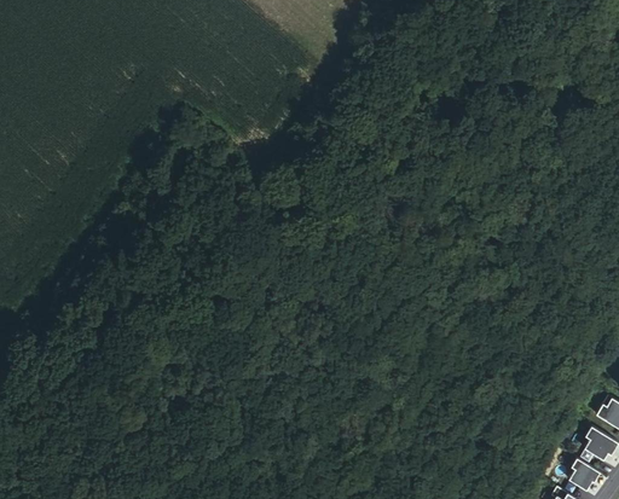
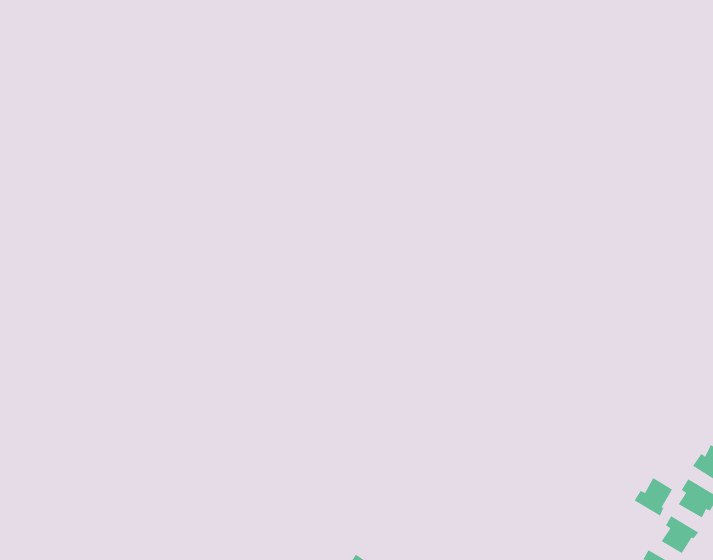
building: none -> [634,477,673,517]

